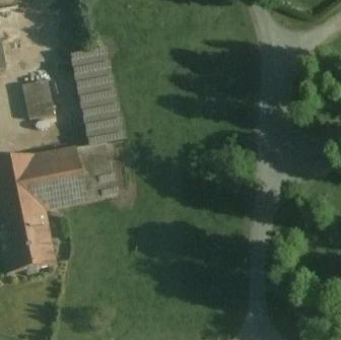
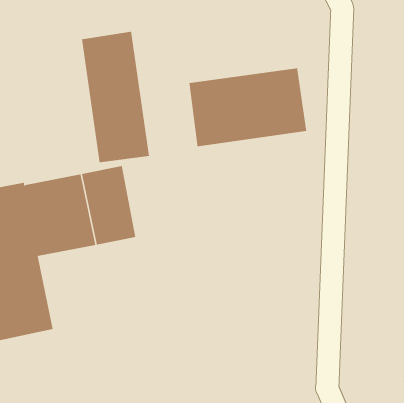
building: none -> [189,67,307,147]
building: [20,77,52,116] -> none

